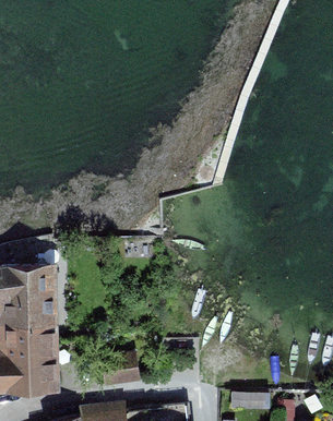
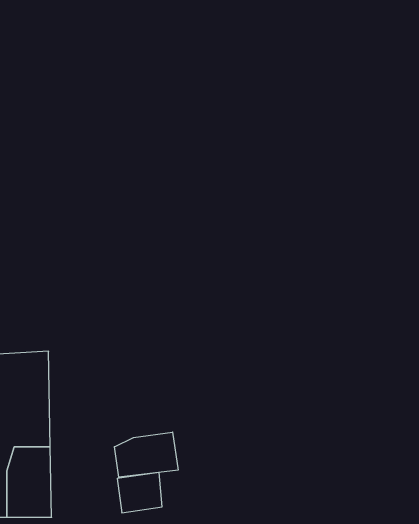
building: none -> [114,432,178,477]

